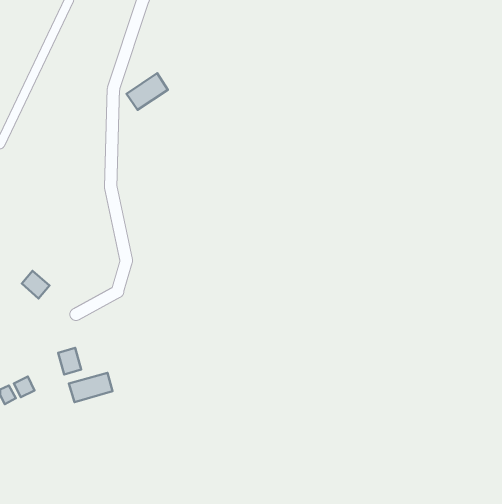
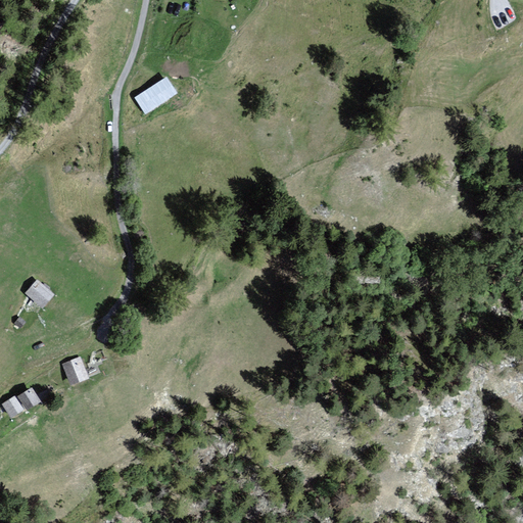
building: [69,373,112,402] -> none

